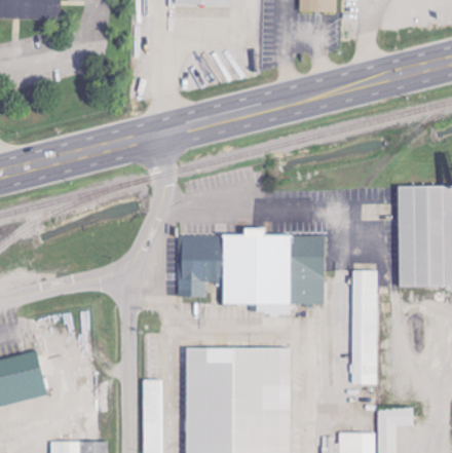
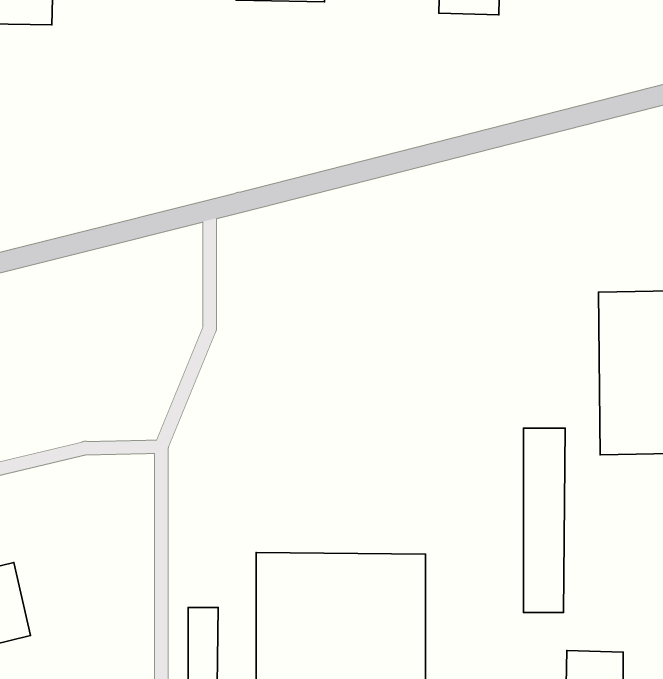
building: [178,227,323,310] -> none

